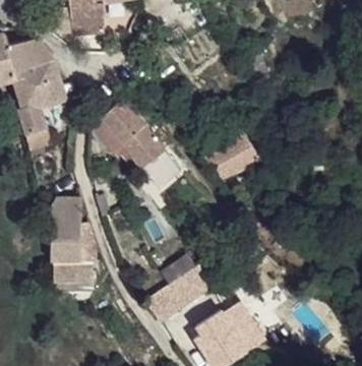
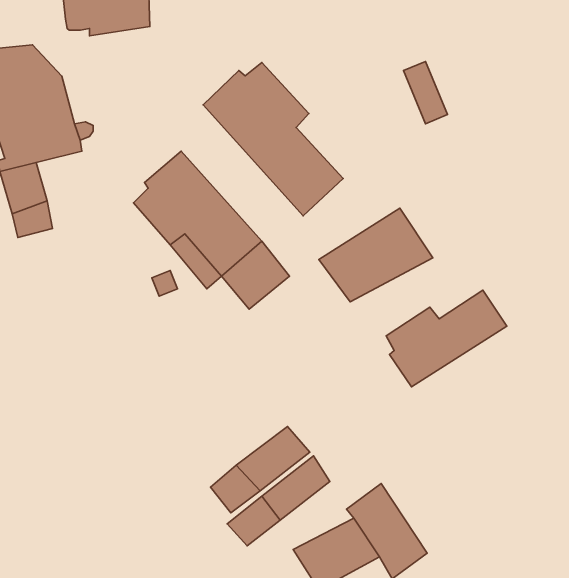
building: none -> [203,63,343,216]
building: none -> [386,290,507,387]
building: [48,201,100,265] -> none
building: [58,270,95,296] -> none

